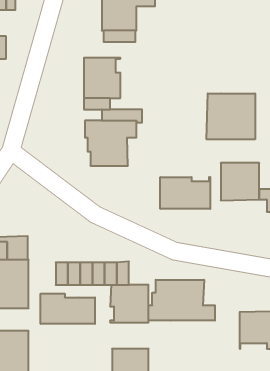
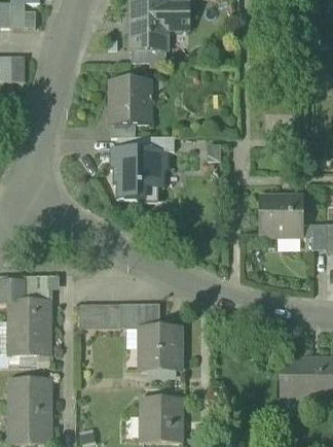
building: [207,93,255,139] -> none
building: [160,177,210,209] -> none
building: [149,280,215,321] -> none
building: [41,294,95,324] -> none

